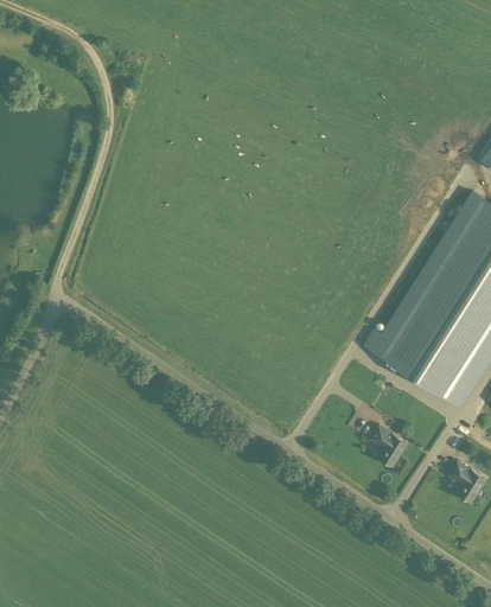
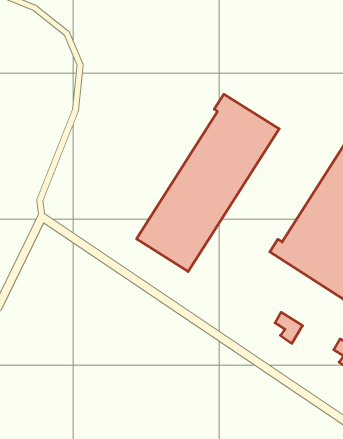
building: none -> [137,94,279,272]

